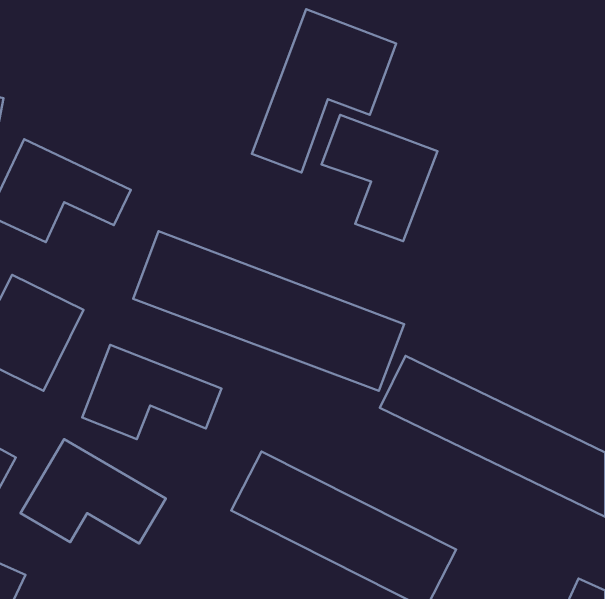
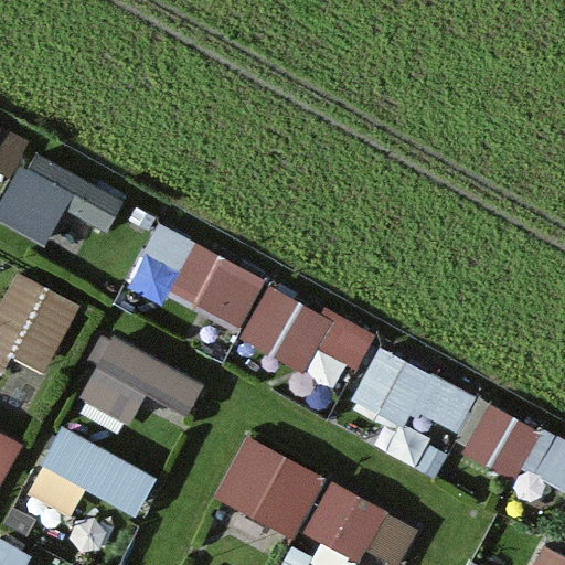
building: [252,9,396,172] -> none
building: [321,115,437,241] -> none

